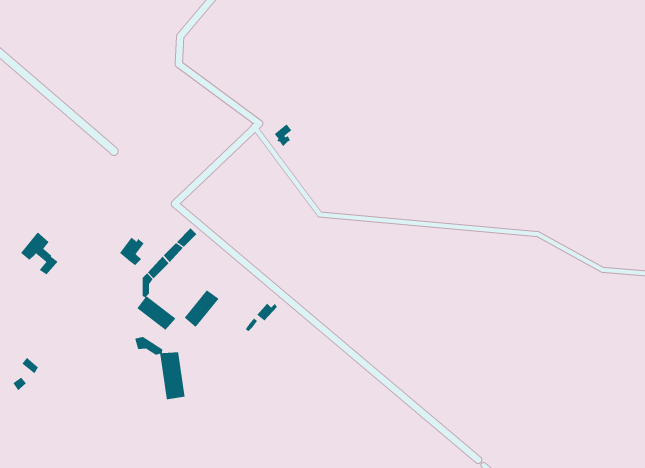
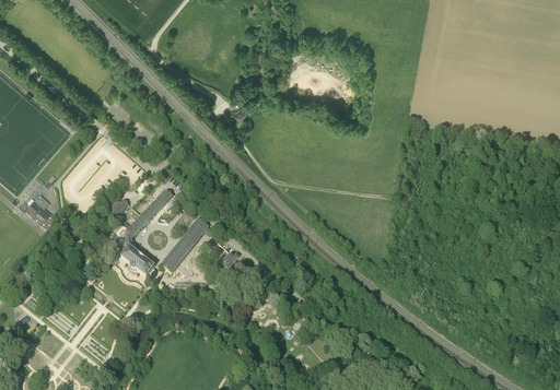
building: none -> [179,216,214,248]
building: [135,336,185,400] -> none

